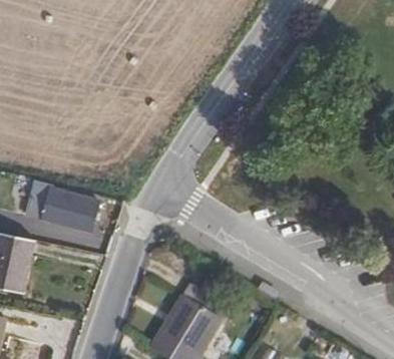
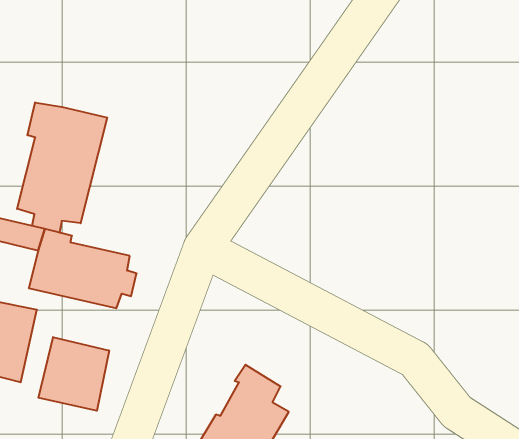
building: none -> [17,102,107,233]
building: none -> [38,337,109,411]

